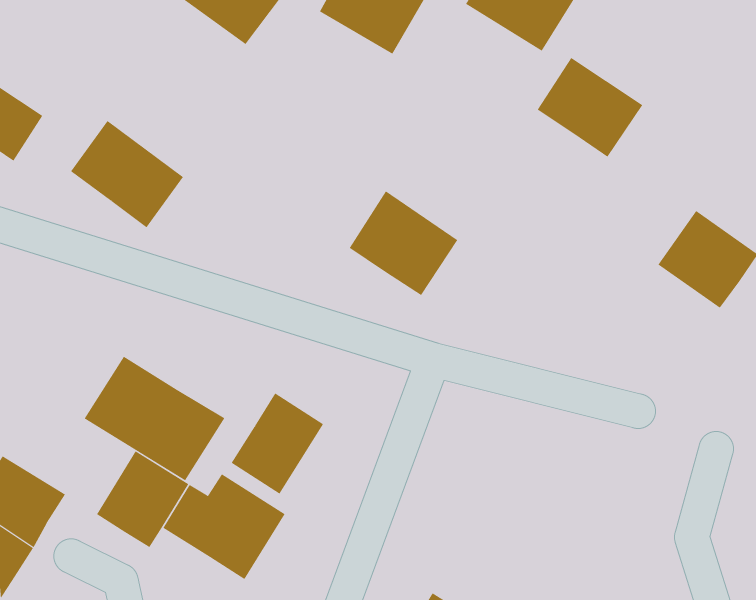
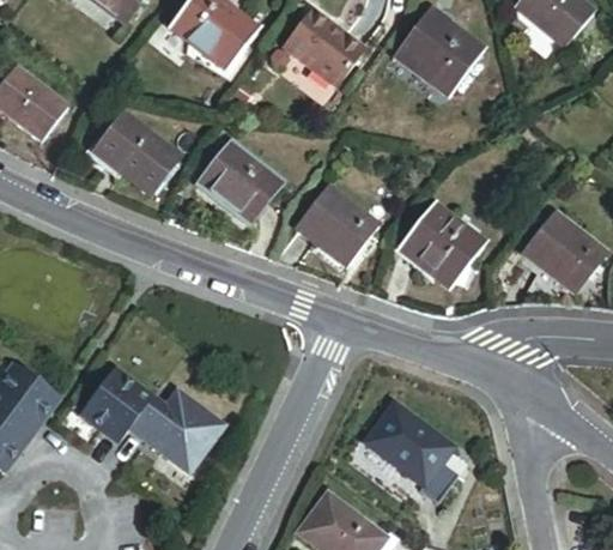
building: [537,57,643,158] -> [401,206,481,284]
building: none -> [198,143,280,224]
building: [84,356,225,481] -> none
building: [231,392,324,495] -> none
building: none -> [369,401,467,500]

